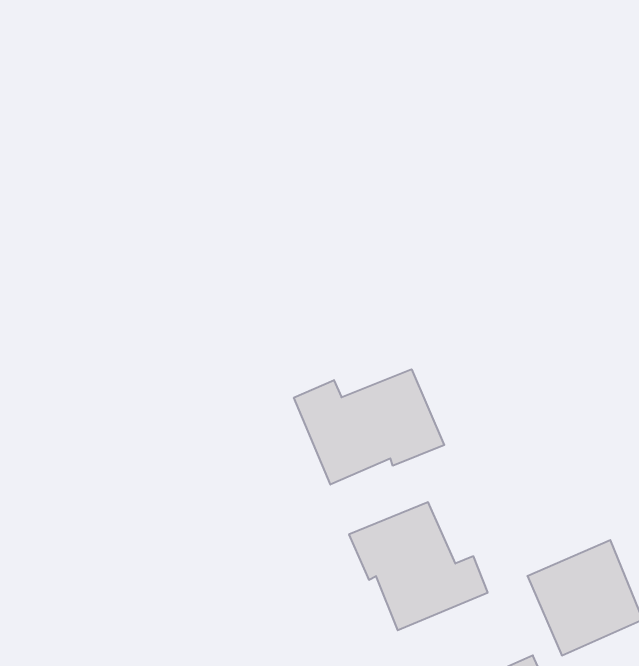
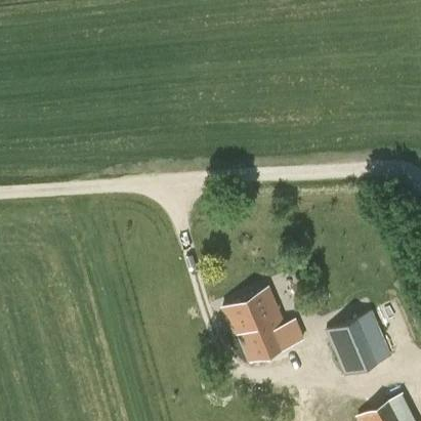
building: [294,369,444,485] -> none

